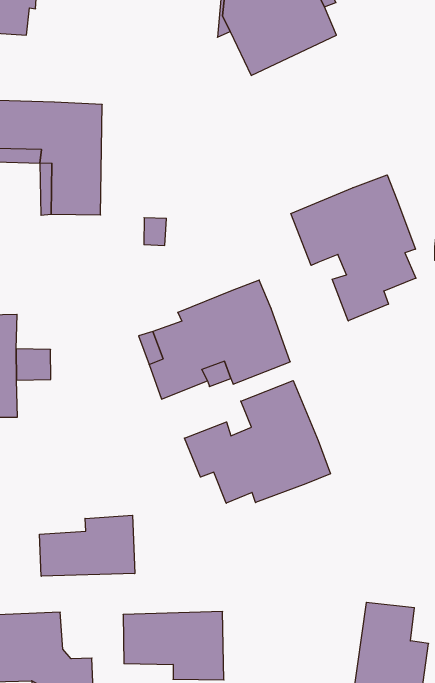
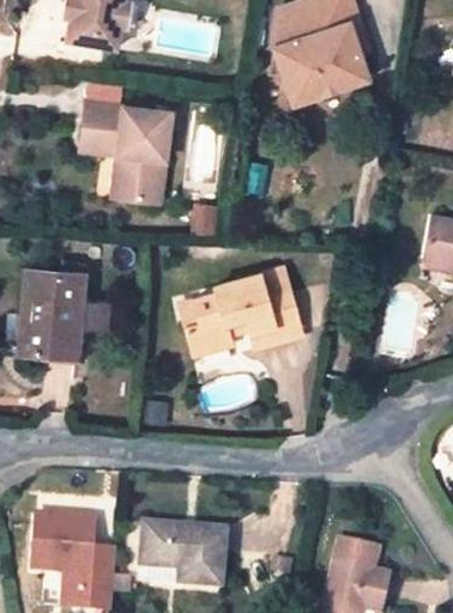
building: [291,175,416,321] -> none
building: [184,381,331,503] -> none
building: [40,515,135,576] -> none

